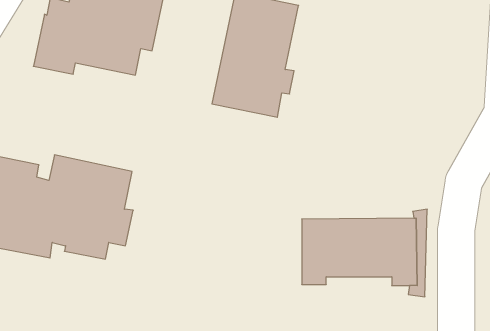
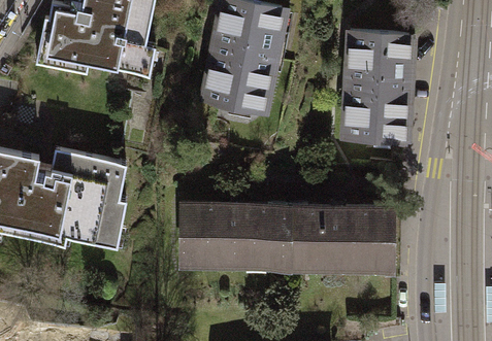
building: none -> [341,33,409,142]
building: none -> [181,209,283,270]

